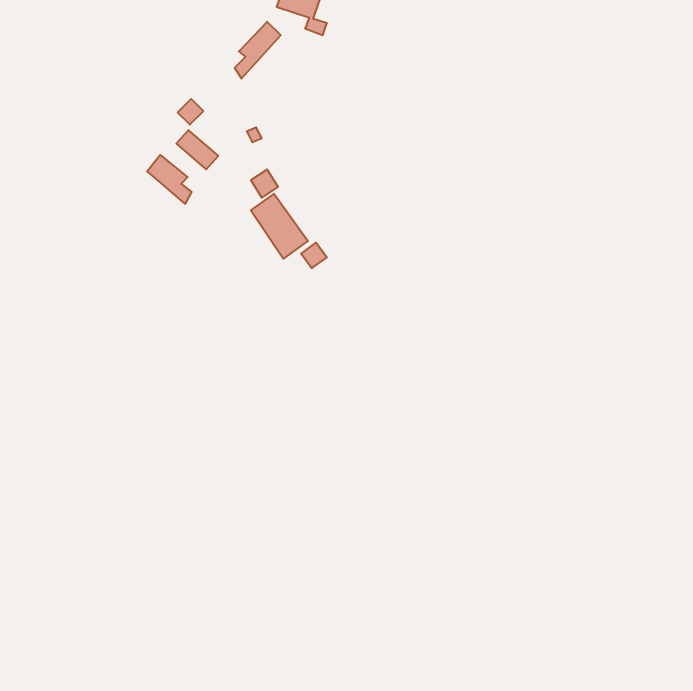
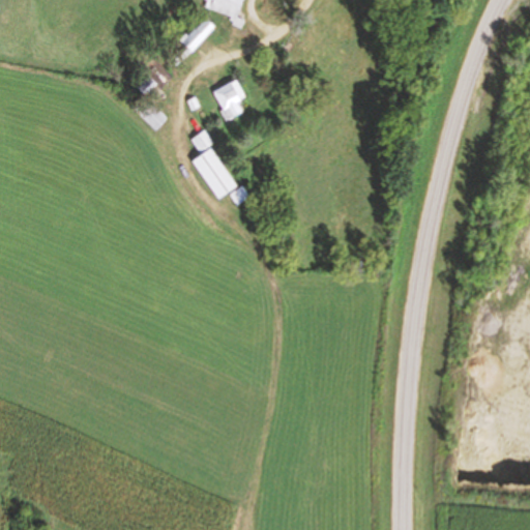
building: none -> [213,80,246,122]
building: [147,155,192,204] -> none

